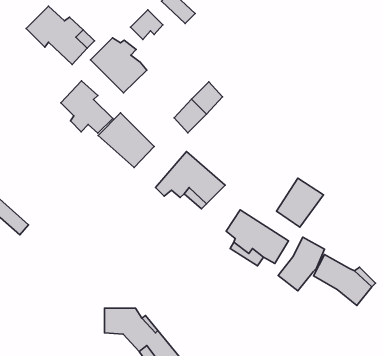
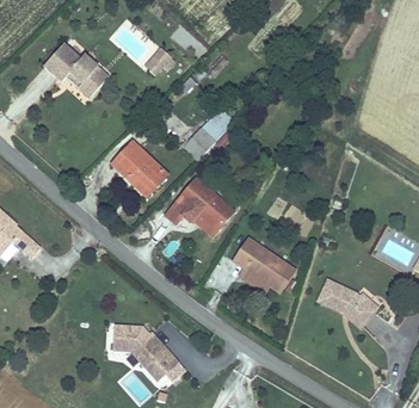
building: [90,38,147,93] -> none
building: [61,81,113,133] -> none
building: [276,178,323,227] -> none
building: [278,237,324,291] -> none

